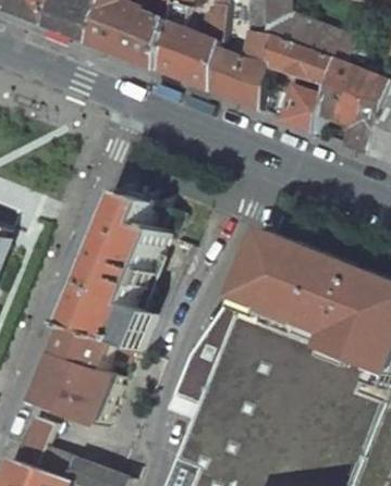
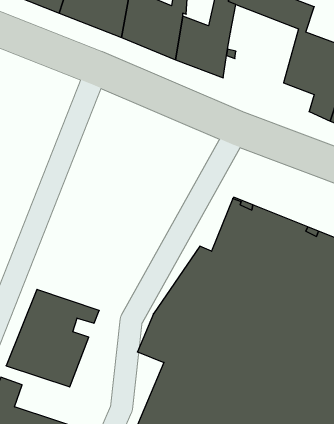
building: [261,34,331,132] -> none
building: [62,189,161,351] -> none

